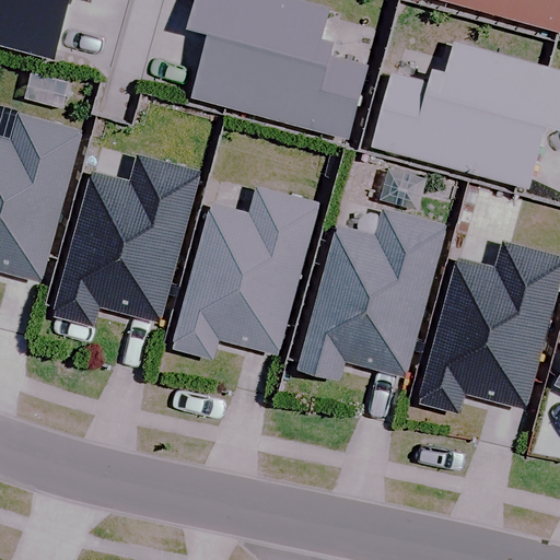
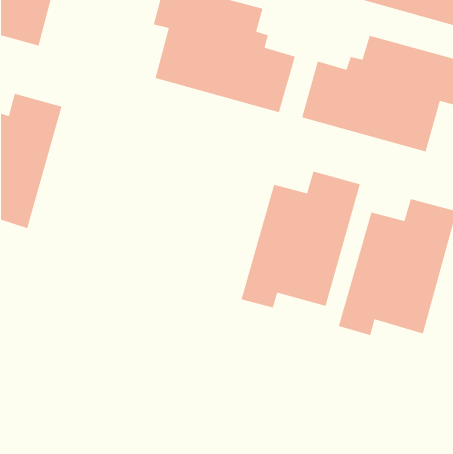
building: [51,153,199,323] -> none
building: [172,188,319,358] -> none

